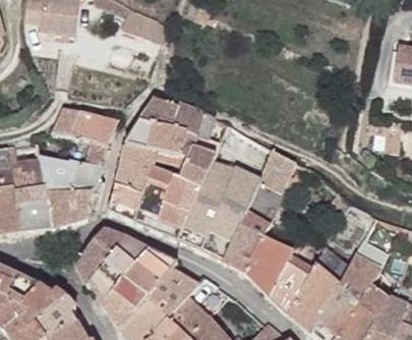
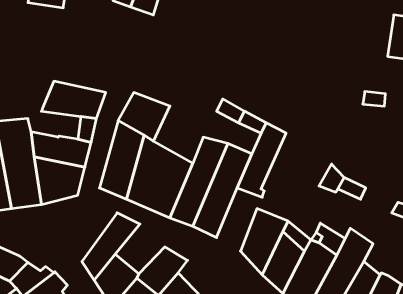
building: [143,98,216,186] -> none
building: [225,211,270,273] -> none
building: [76,227,127,284] -> none
building: [125,246,179,295] -> none

